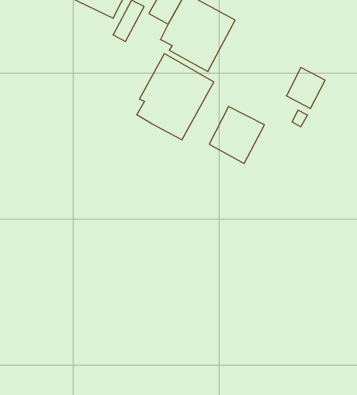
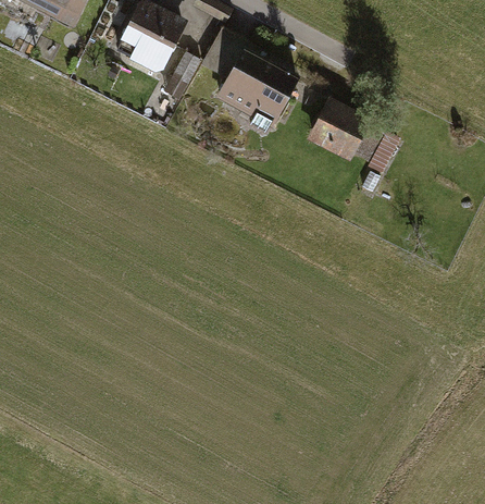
building: [137,54,214,140] -> none
building: [209,106,264,164] -> [308,97,370,161]

